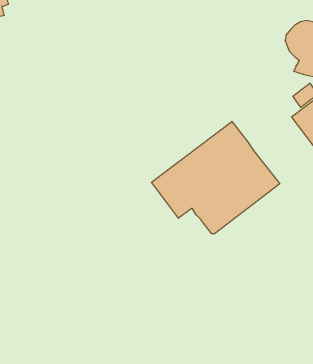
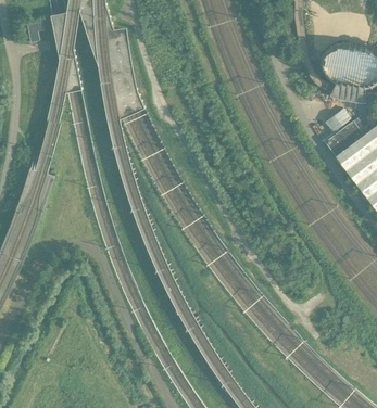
building: [152,121,280,234] -> none

